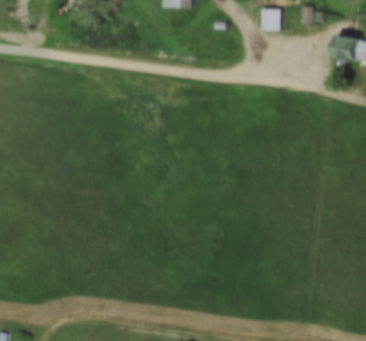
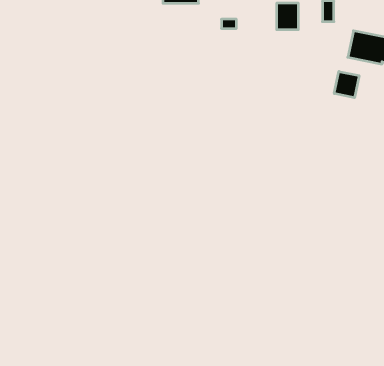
building: none -> [334,71,359,98]

